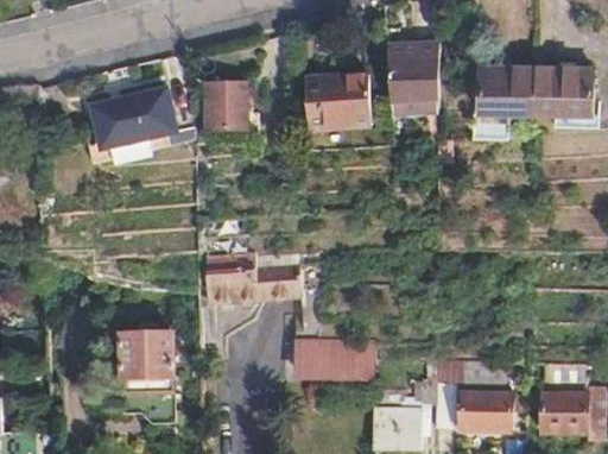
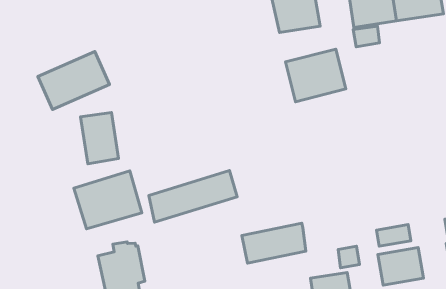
building: [304,75,370,130] -> [286,49,346,102]
building: [207,84,246,143] -> [81,112,119,164]
building: none -> [74,171,142,229]

